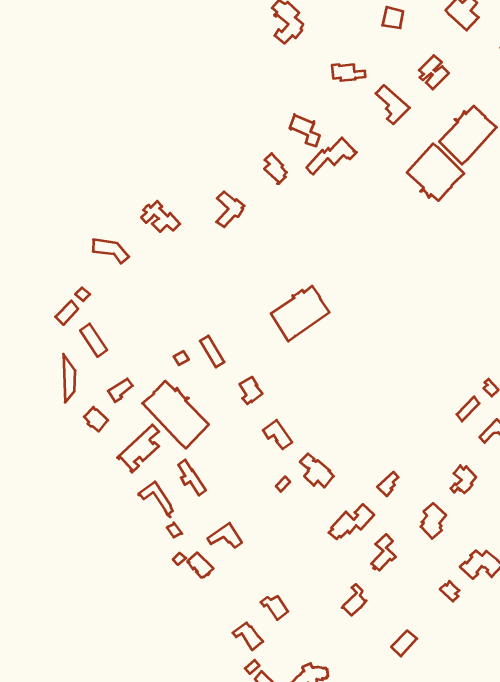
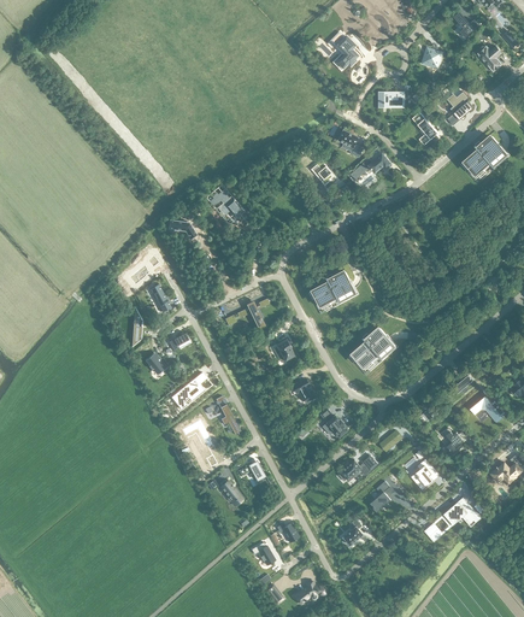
building: [407,144,464,201] -> none
building: none -> [347,327,395,374]
building: [142,381,209,448] -> none

